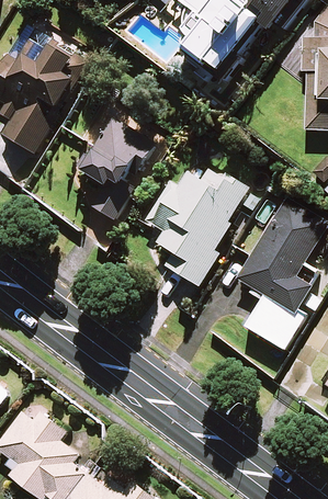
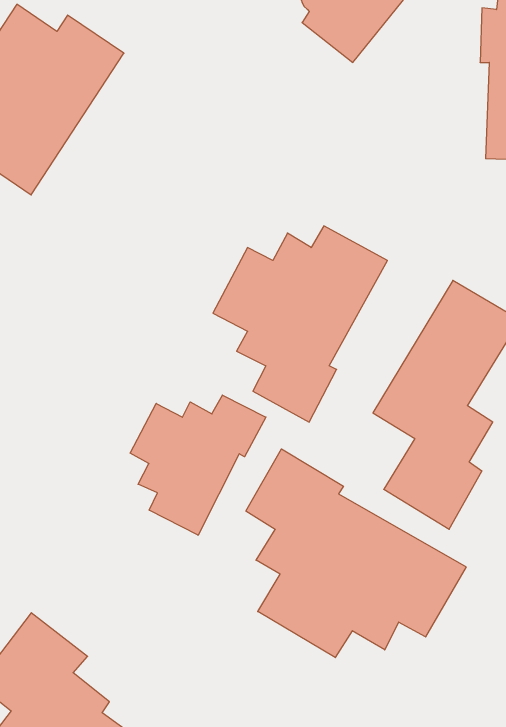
building: [82,118,150,218] -> none
building: none -> [130,395,266,535]
building: none -> [246,449,466,658]

